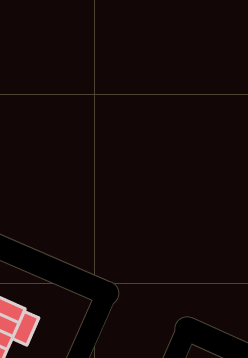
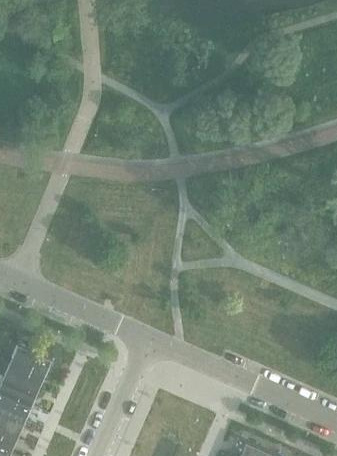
building: [12,311,39,345] -> none

